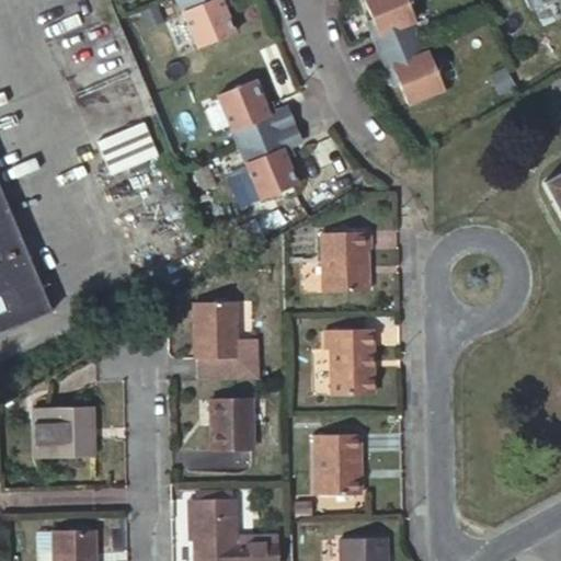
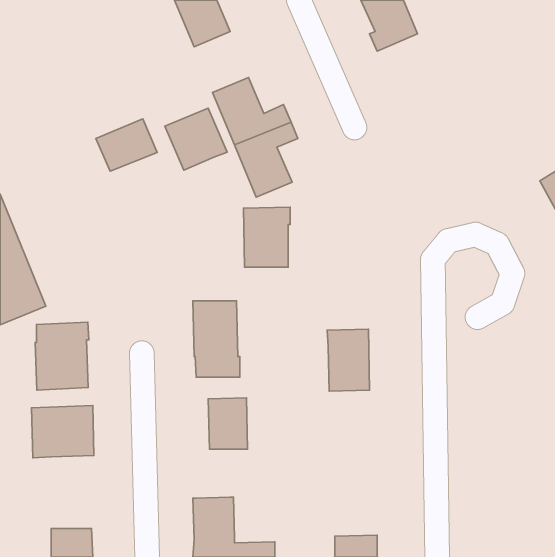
building: [381,34,444,102] -> none
building: none -> [165,108,227,170]
building: [323,232,370,293] -> [243,207,290,267]
building: none -> [35,322,89,390]
building: [317,436,363,496] -> none

